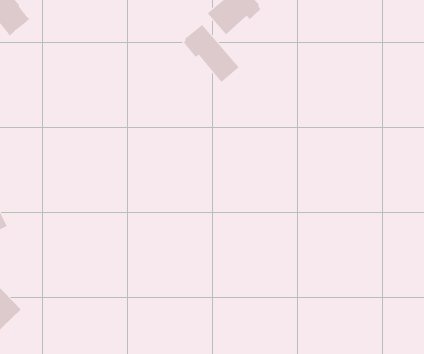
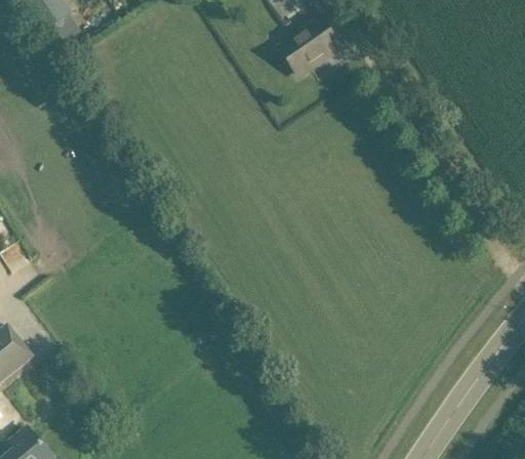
building: [183,24,240,83] -> none

